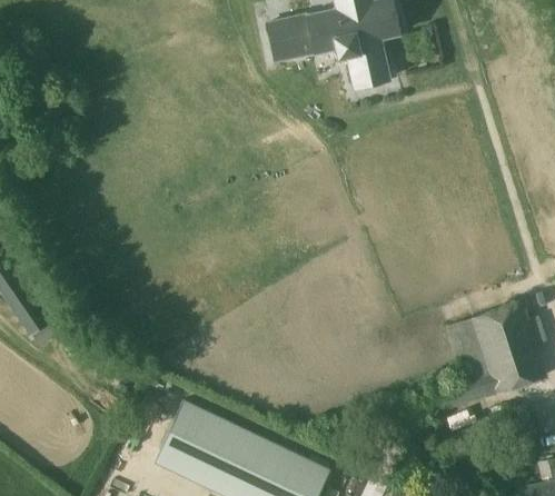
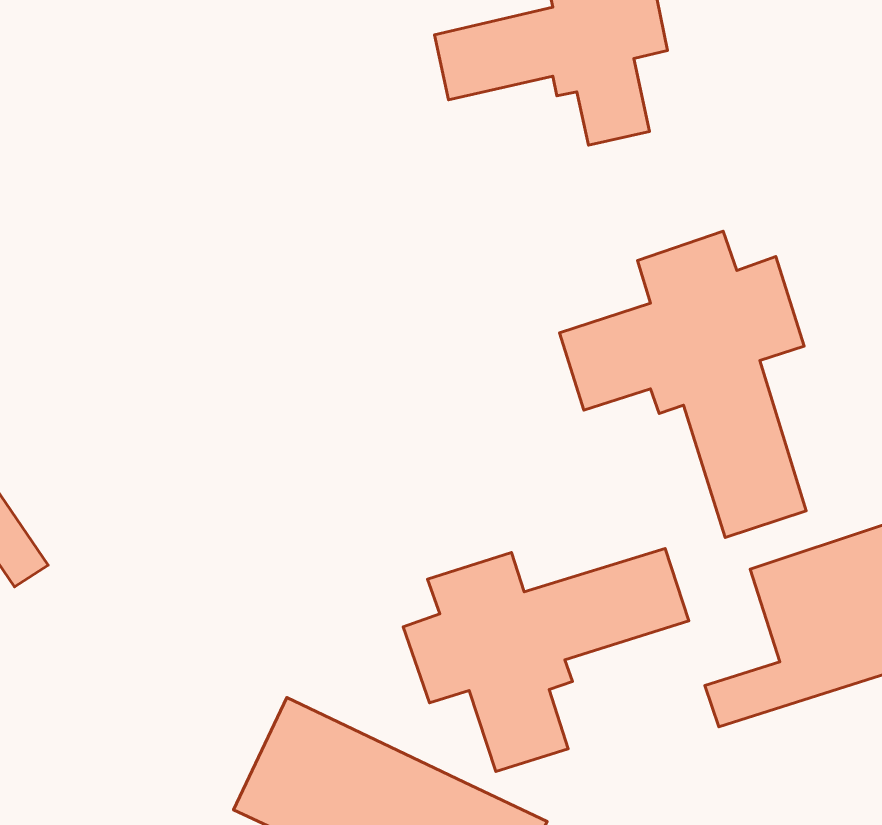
building: none -> [560,231,806,537]
building: none -> [403,549,689,772]

